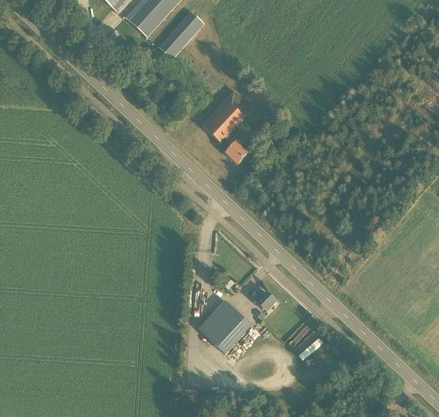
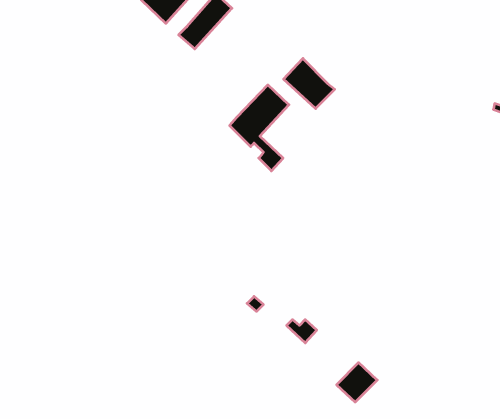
building: none -> [284,58,335,109]
building: [198,300,251,353] -> none

